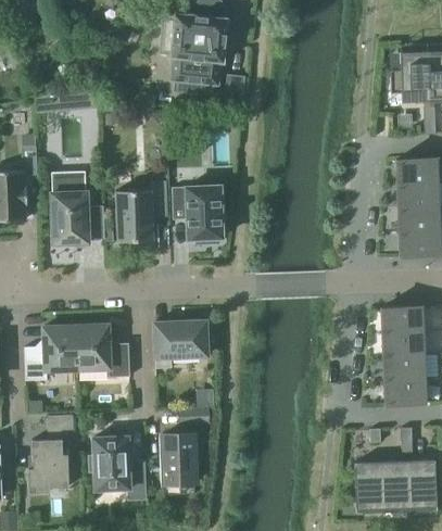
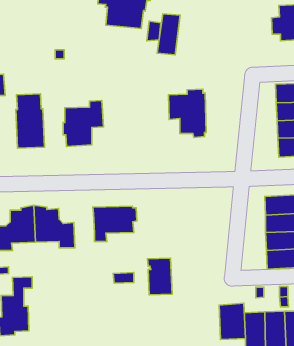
building: none -> [157,14,180,55]
building: [173,180,223,244] -> [168,89,206,137]
building: [163,434,195,483] -> [147,258,172,295]
building: [90,437,147,500] -> none
building: none -> [219,303,245,340]

